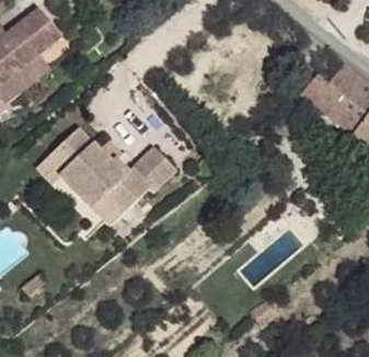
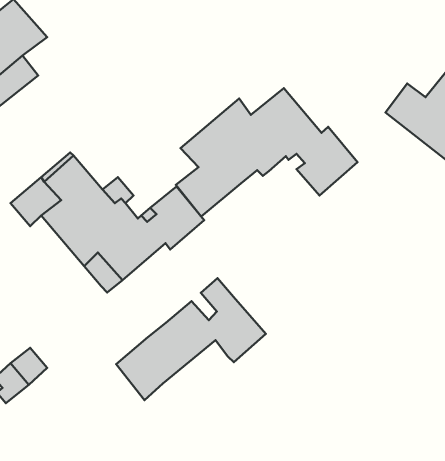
building: none -> [176,88,358,217]
building: none -> [116,278,266,400]

